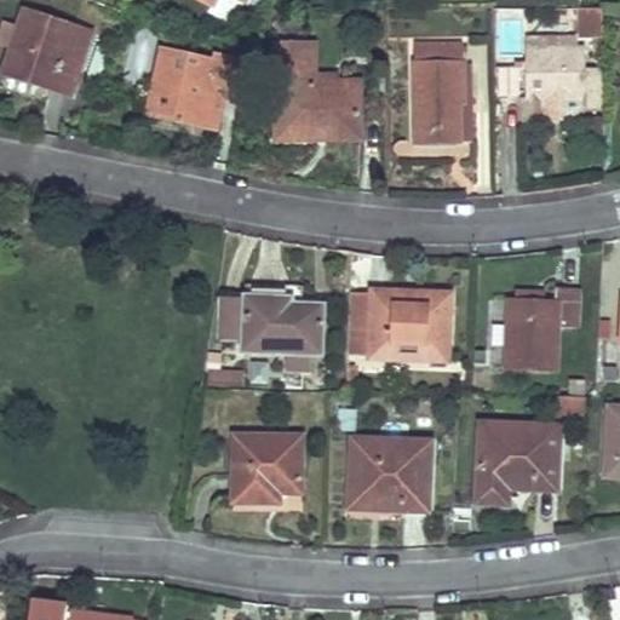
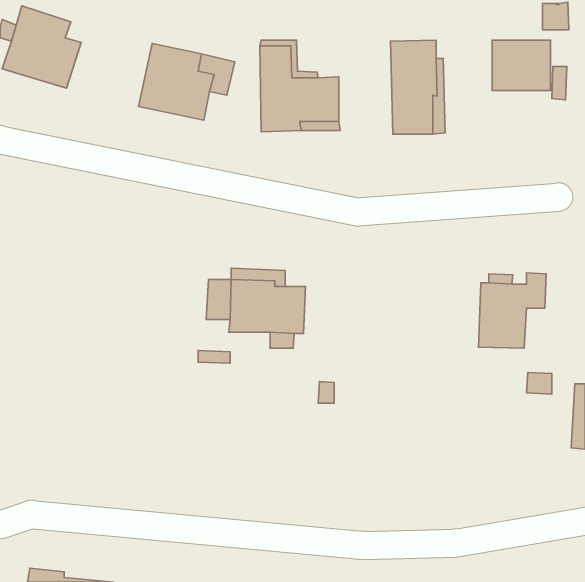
building: [346,289,449,360] -> none
building: [476,421,558,503] -> none
building: [232,435,300,500] -> none
building: [349,437,430,509] -> none

